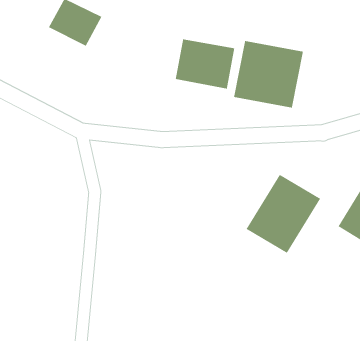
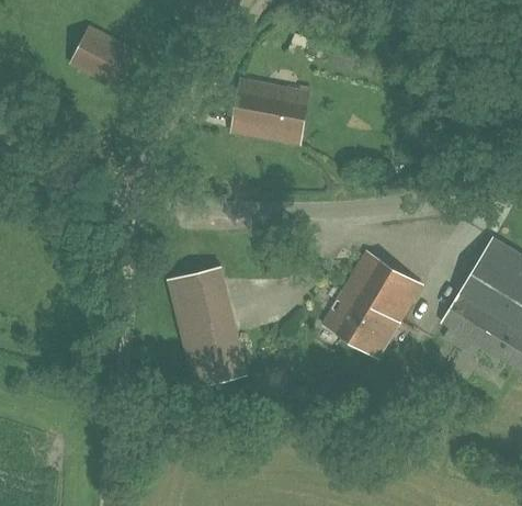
building: [233,40,304,108] -> none
building: none -> [168,267,248,387]

